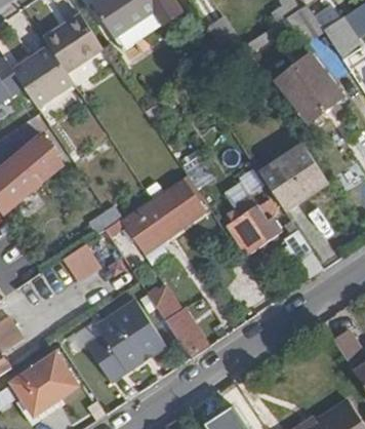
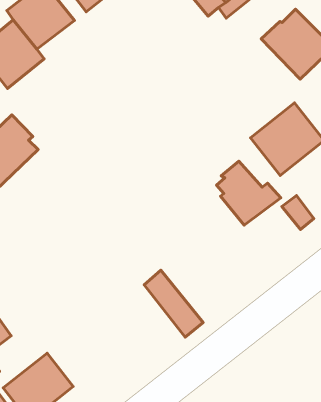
building: [121,187,198,248] -> none
building: [59,239,99,279] -> none
building: [85,298,164,380] -> none

